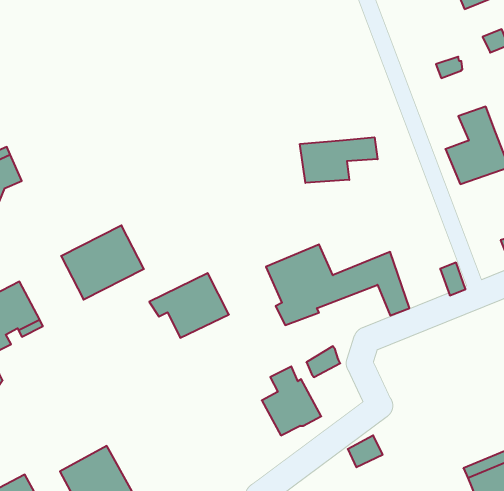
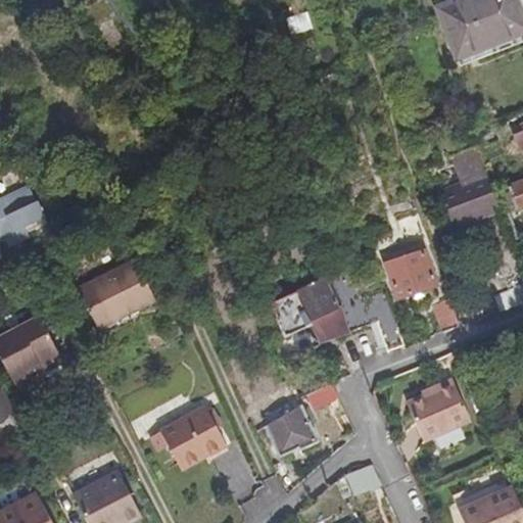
building: [300,137,378,183] -> none
building: none -> [390,252,439,300]
building: [149,273,229,338] -> [146,409,223,471]
building: none -> [410,372,474,435]

